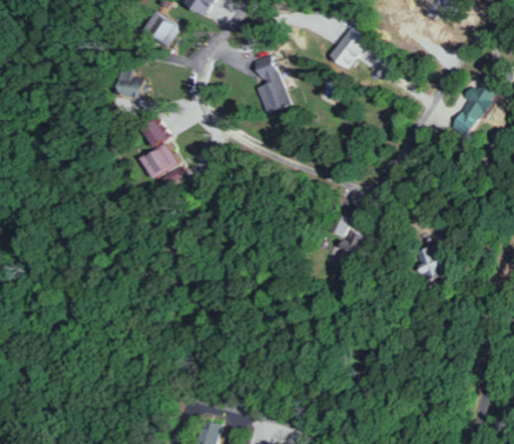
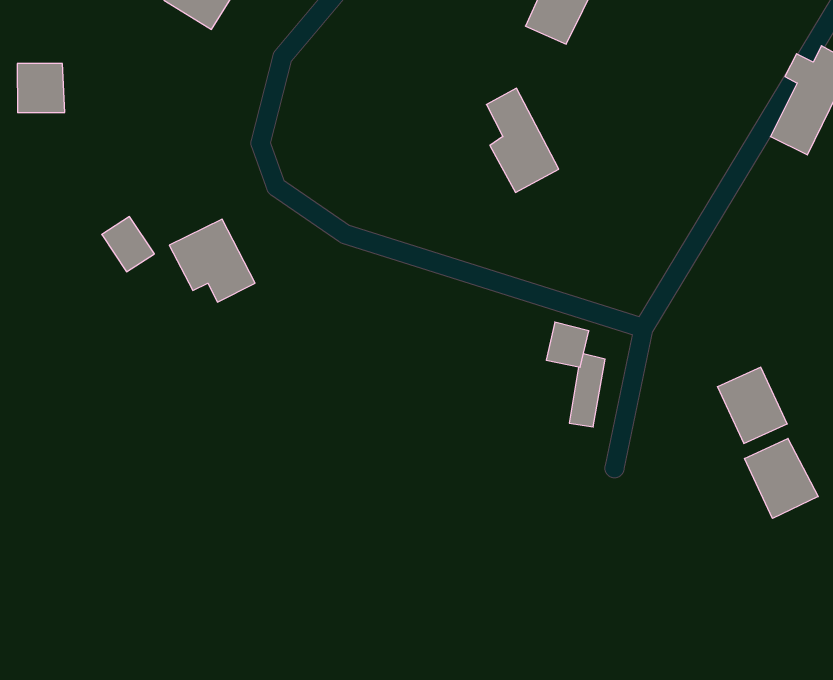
building: [256,59,290,113] -> [486,88,559,192]
building: [119,69,144,97] -> [17,64,65,113]
building: [138,119,164,147] -> [102,217,154,272]
building: none -> [745,438,818,518]

